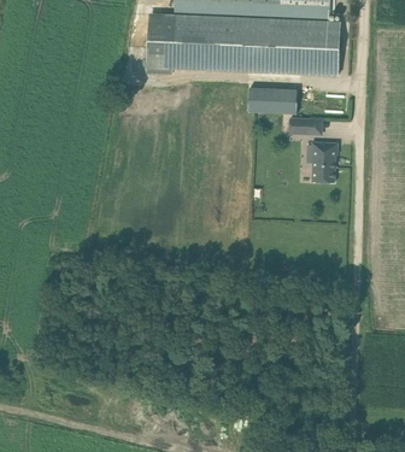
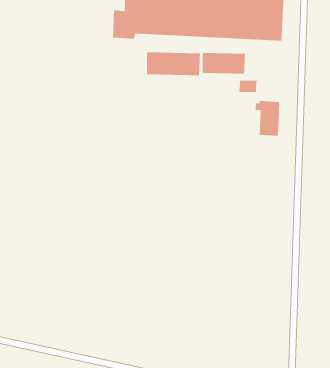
building: none -> [146,52,201,76]

